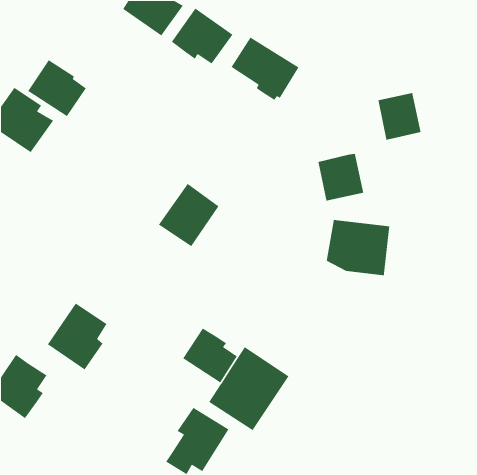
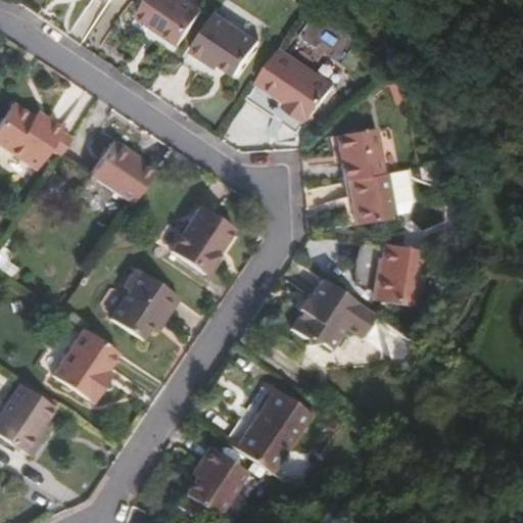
building: [27,59,87,117] -> [89,143,154,206]
building: [378,92,421,141] -> [334,127,382,180]
building: none -> [110,266,182,338]
building: none -> [289,278,377,348]
building: [182,327,238,383] -> none

